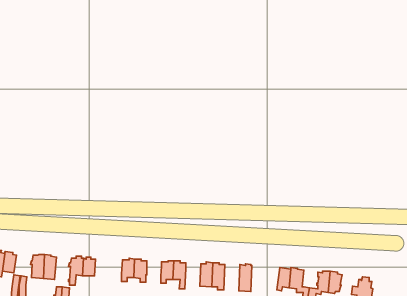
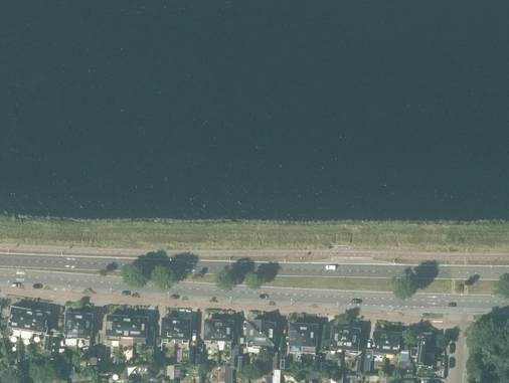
building: none -> [134,315,155,348]
building: none -> [303,323,318,352]

